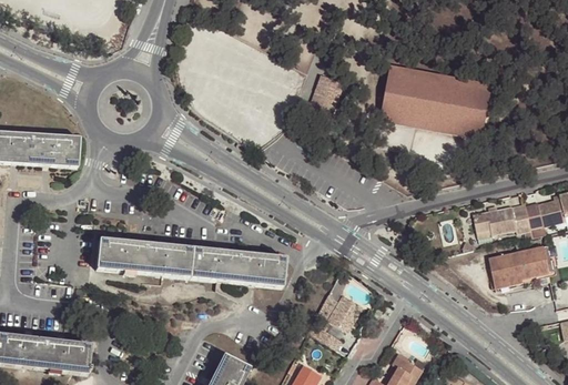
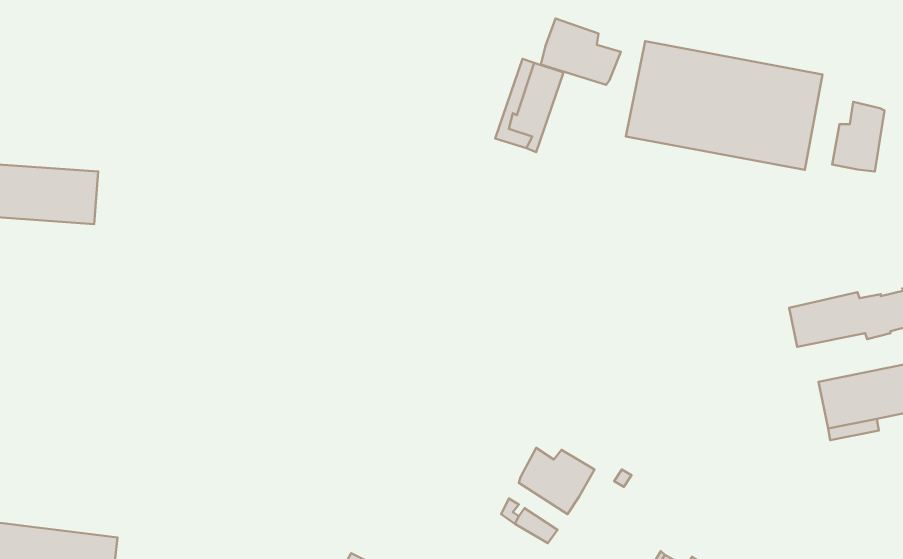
building: none -> [541,19,621,85]
building: none -> [832,102,884,172]
building: [95,239,285,287] -> none

